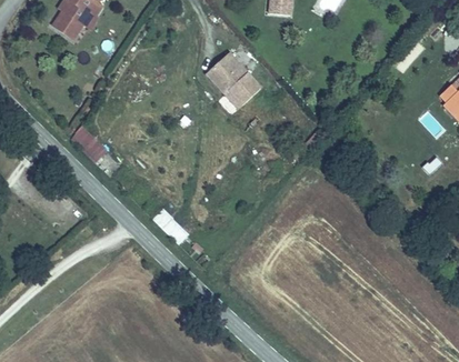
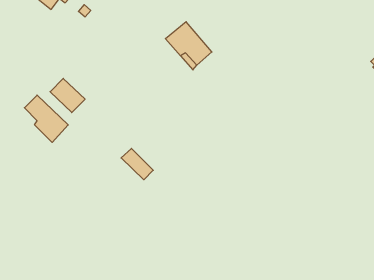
building: none -> [24,95,68,142]

